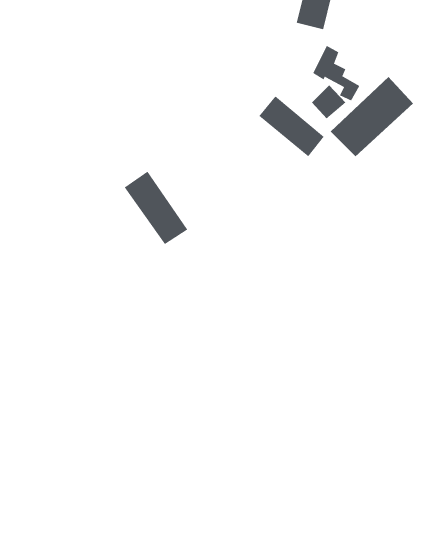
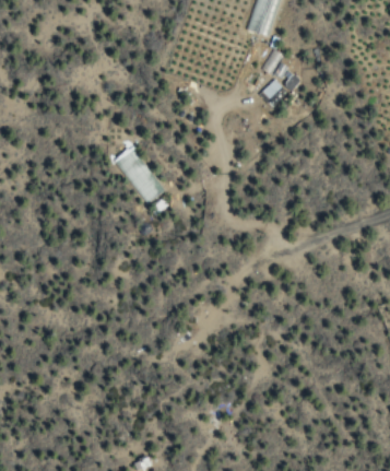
building: [330,76,414,157] -> none
building: [258,96,324,157] -> none

